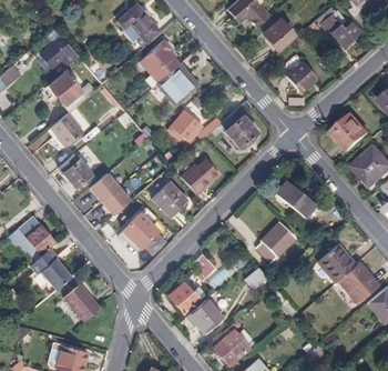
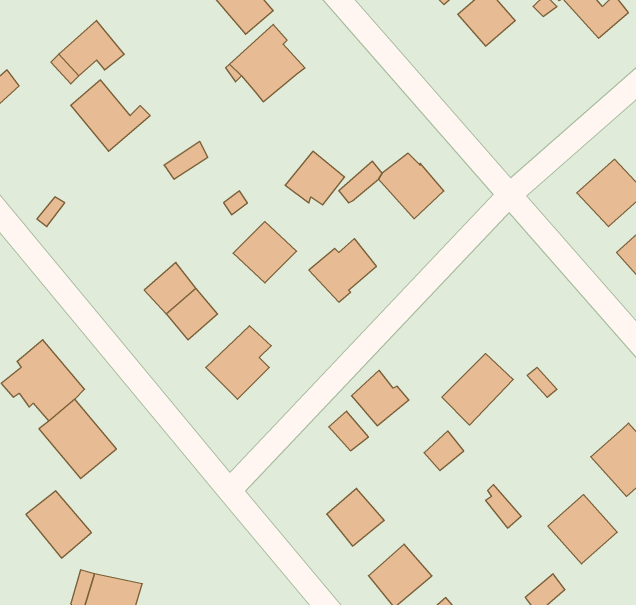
building: [287,60,318,91] -> none
building: [155,66,197,103] -> none
building: [49,111,82,144] -> none
building: [58,152,91,186] -> none
building: [152,180,187,214] -> [233,222,297,283]
building: [278,183,310,213] -> none
building: [317,243,356,282] -> [548,495,617,564]
building: [169,281,201,312] -> [351,370,409,426]
building: [63,284,100,322] -> [26,491,91,558]

